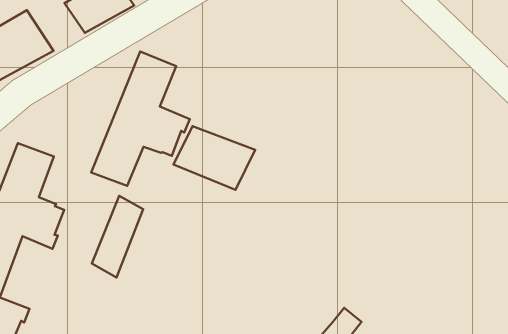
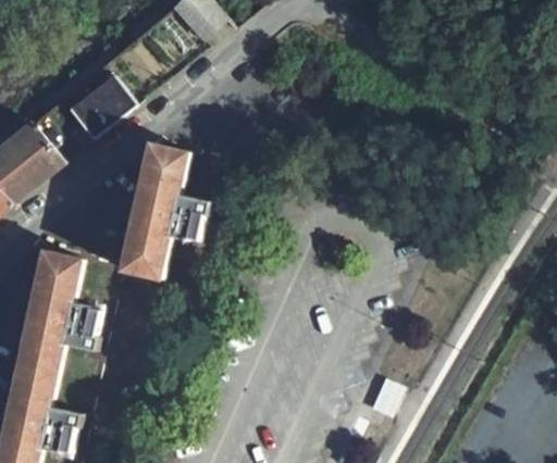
building: [173,126,255,190] -> none
building: [92,196,143,278] -> none

